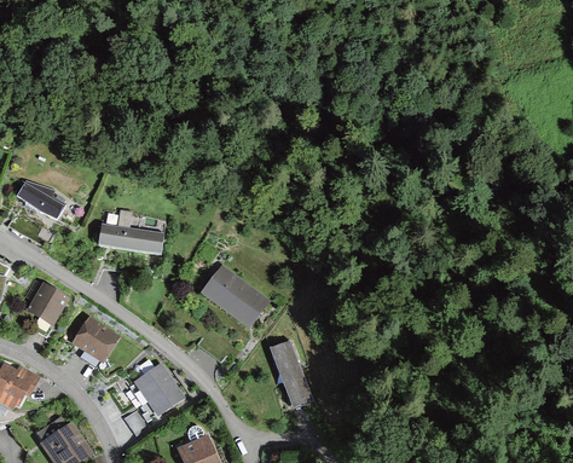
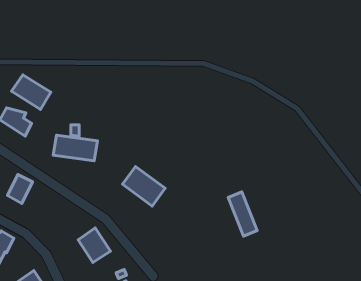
building: none -> [11,75,51,109]
building: [74,316,116,359] -> none
building: [268,342,312,409] -> [228,192,257,236]

